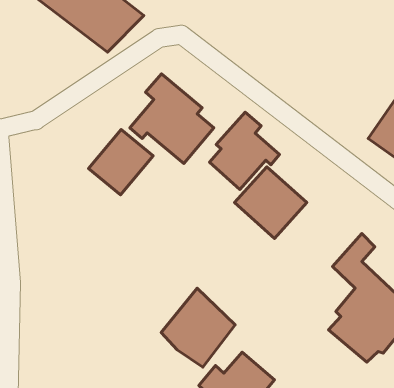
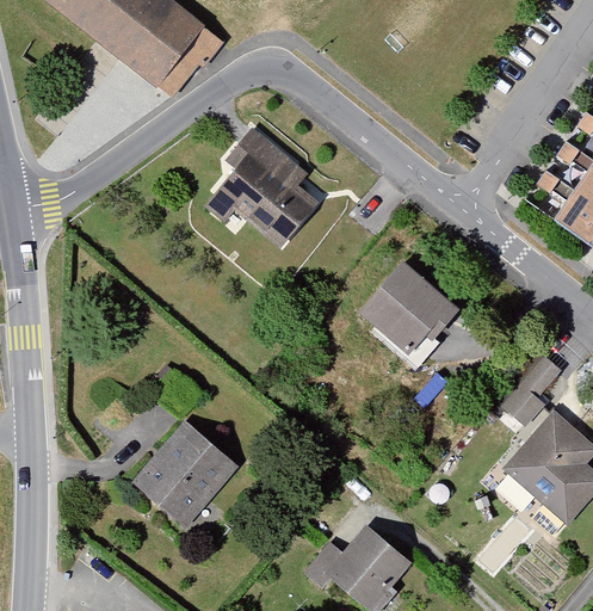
building: [209,112,280,189] -> none
building: [89,130,153,195] -> none
building: [161,288,235,367] -> [129,414,235,527]

